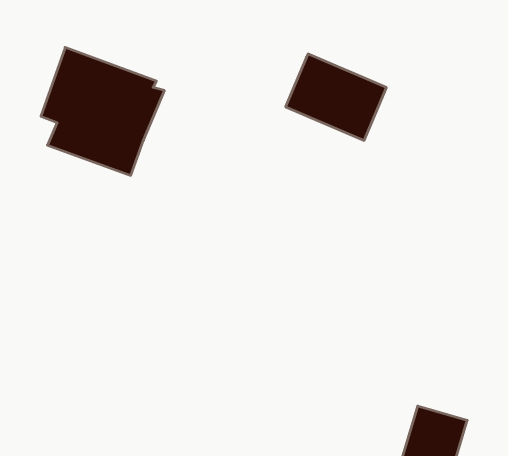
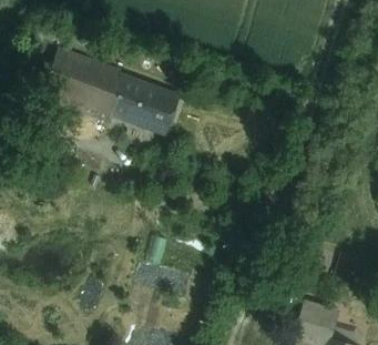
building: [286,54,386,140] -> [113,75,183,135]

